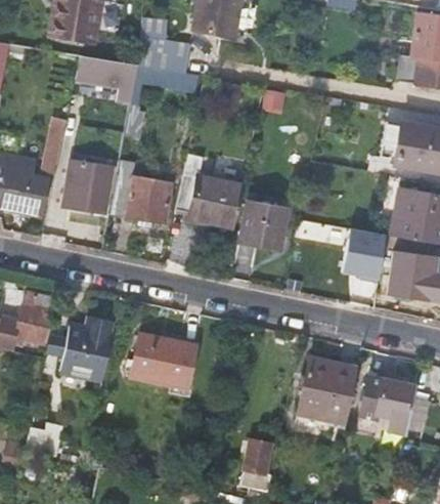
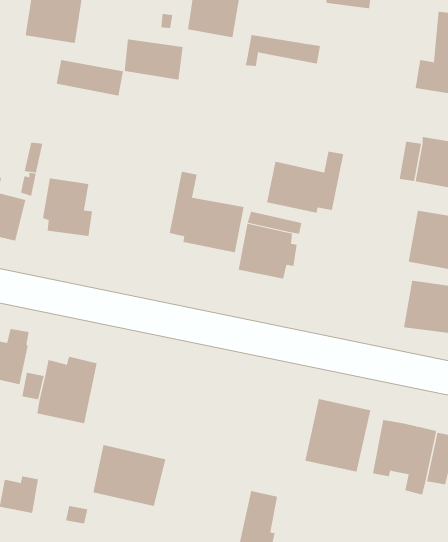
building: [132,66,200,94] -> [245,34,321,67]
building: none -> [266,151,344,213]
building: [111,165,174,222] -> none
building: [344,227,388,279] -> none
building: [131,334,196,389] -> [92,444,166,506]

